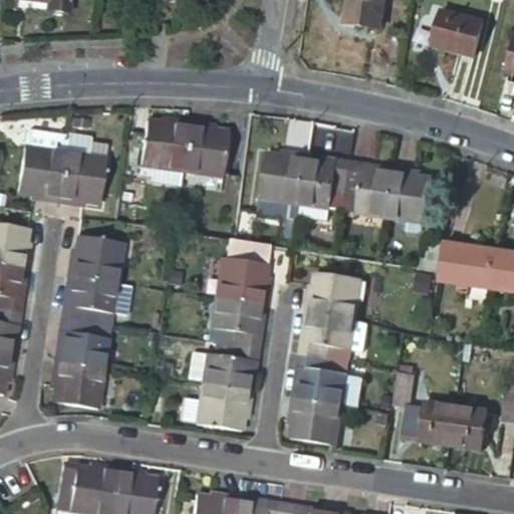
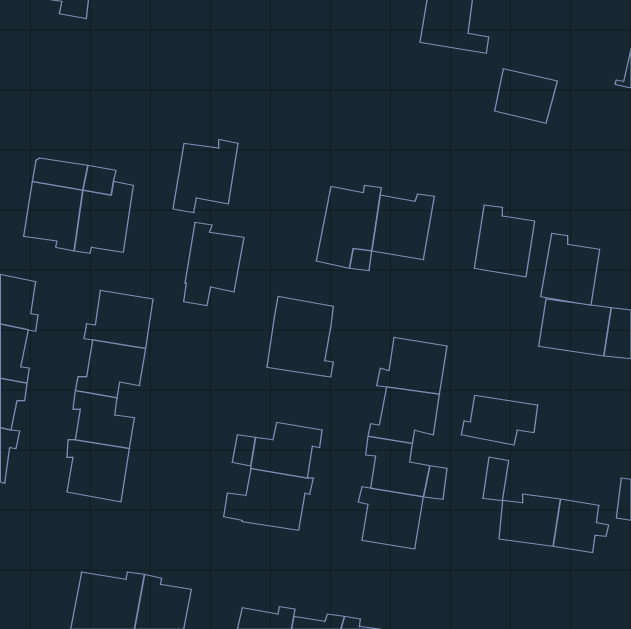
building: [430,11,481,55] -> [494,69,557,123]
building: [185,116,234,184] -> [184,223,244,305]
building: [344,160,393,218] -> [541,233,600,305]
building: [212,298,263,349] -> none
building: none -> [461,395,537,445]

